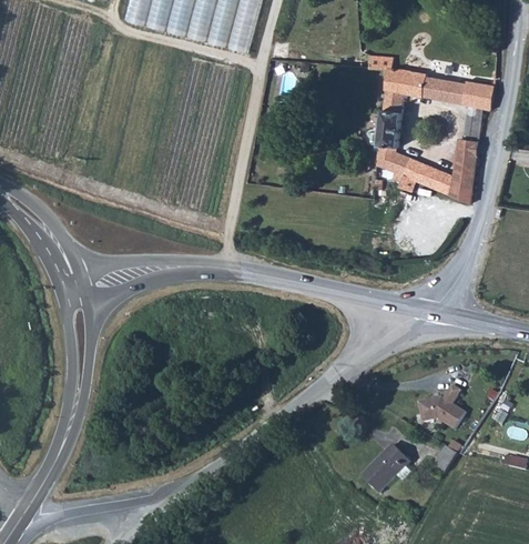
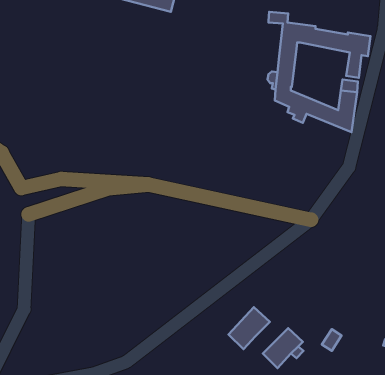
building: [417,383,465,429] -> none
building: none -> [228,307,270,349]

